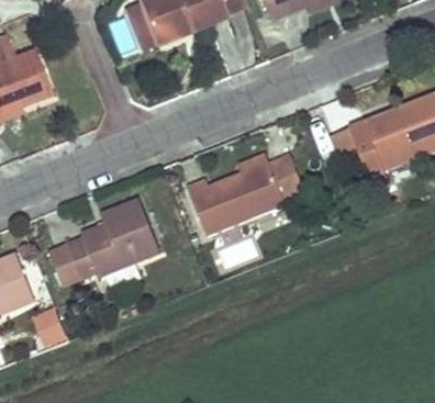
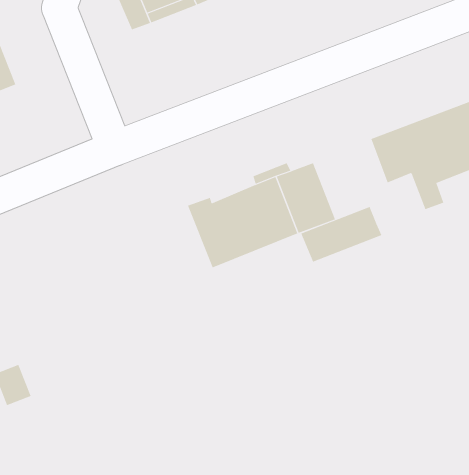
building: none -> [300,206,382,263]
building: [51,199,159,286] -> none

